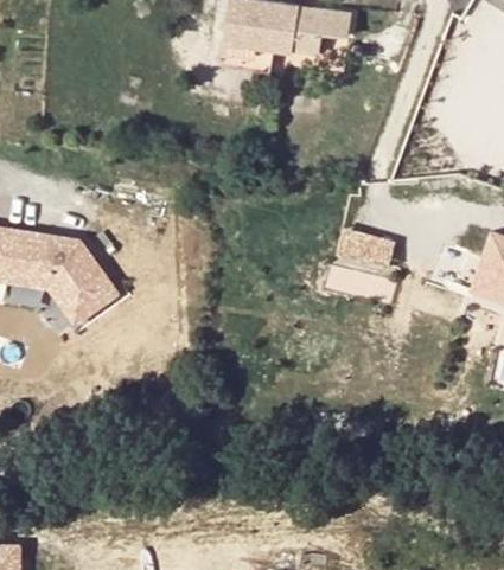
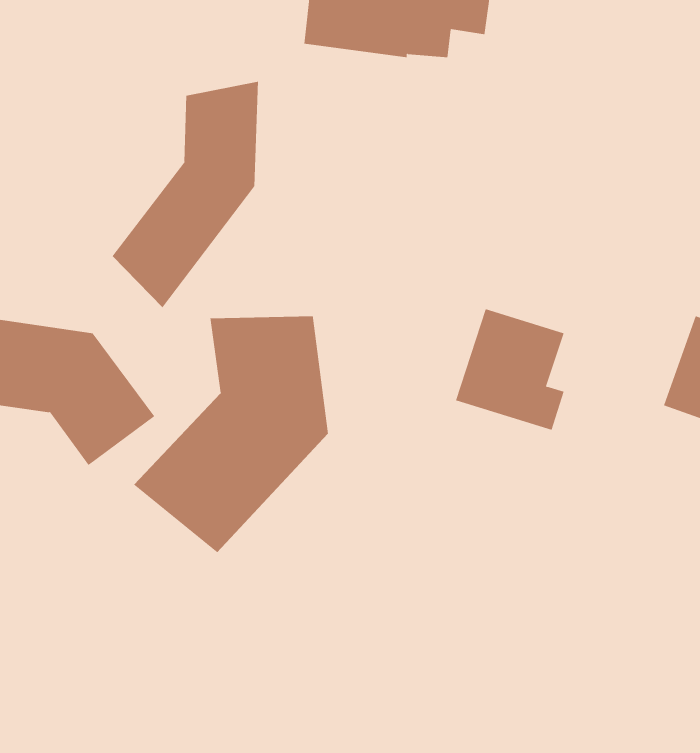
building: none -> [112,81,258,308]
building: none -> [133,316,328,553]

